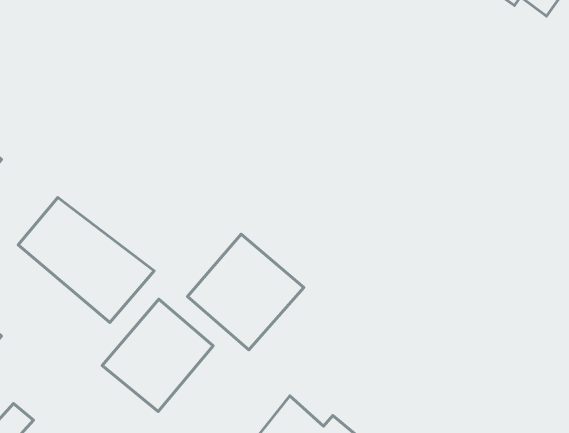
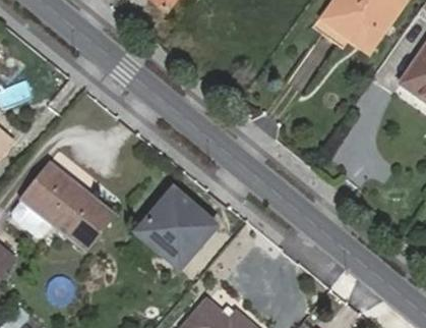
building: [102,299,213,412] -> none

